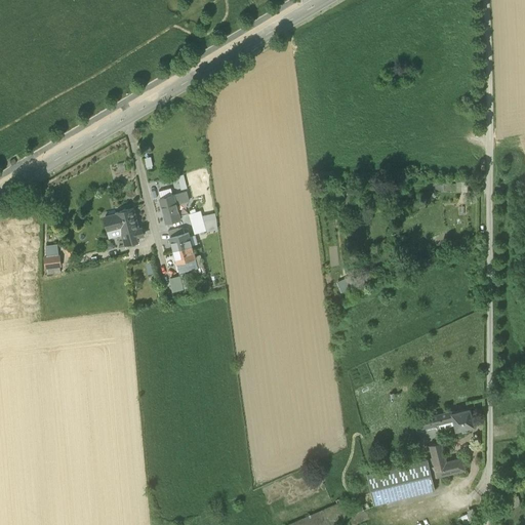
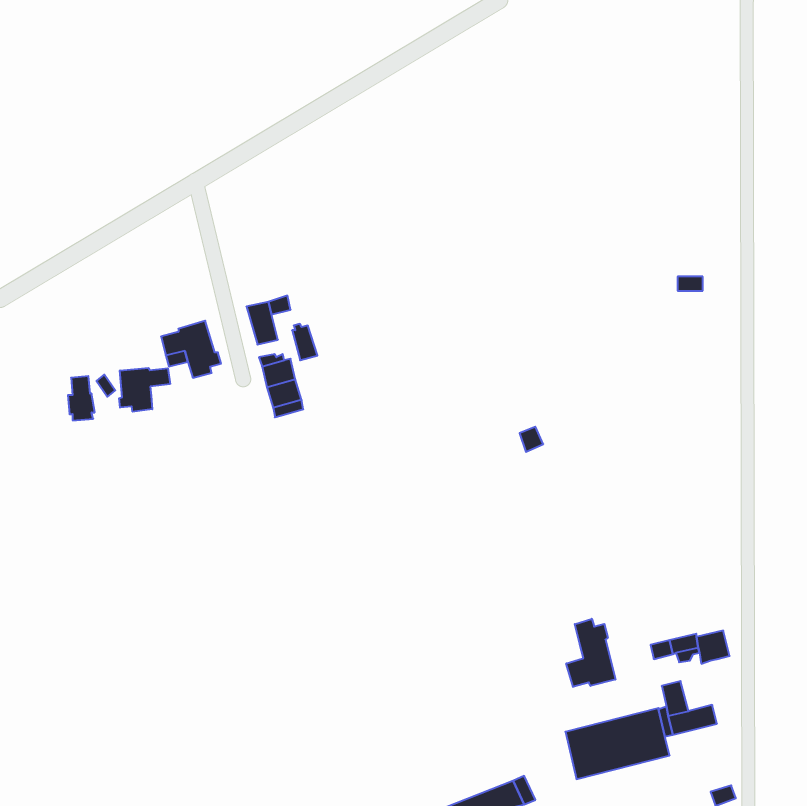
building: none -> [119,368,170,412]
building: none -> [566,619,615,687]

